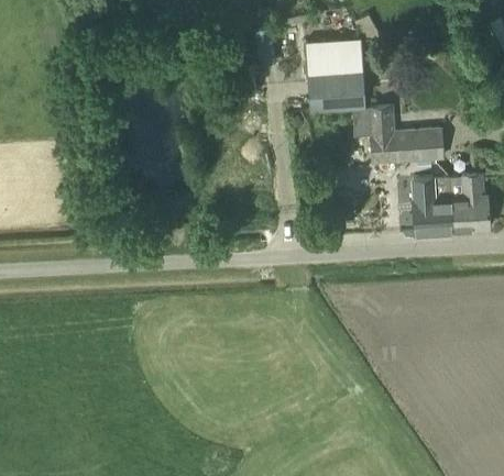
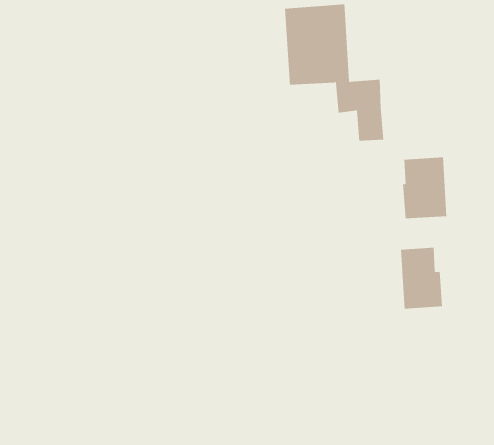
building: [394,129,442,160] -> none
building: [450,174,489,230] -> [400,247,443,309]

